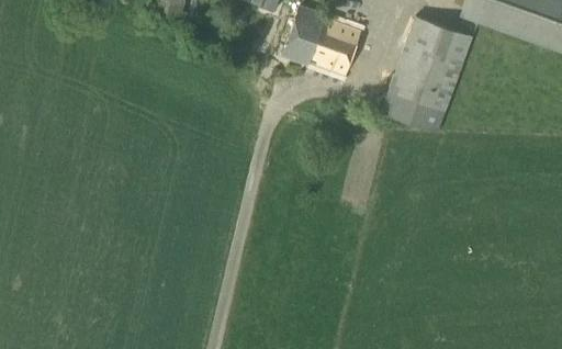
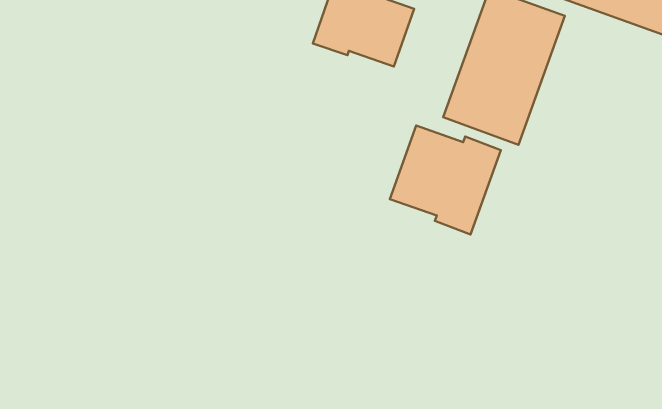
building: none -> [390,126,501,234]

